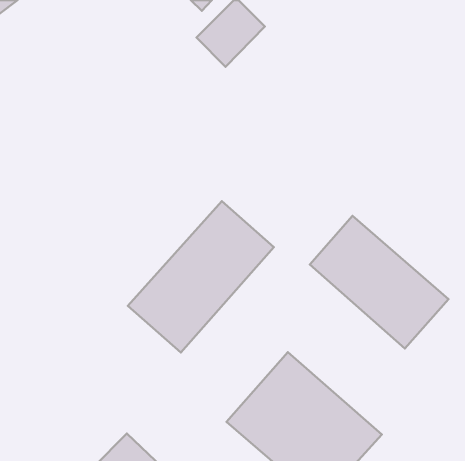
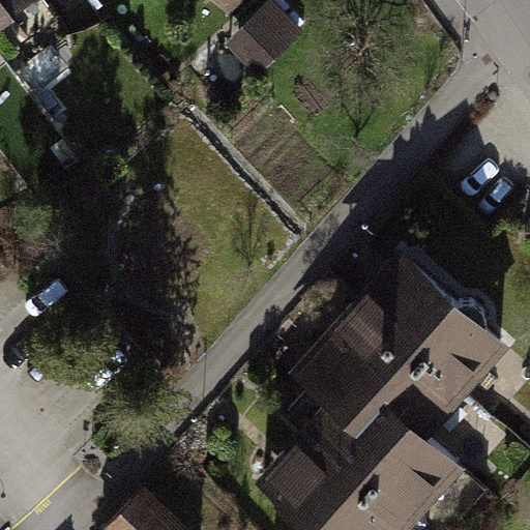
building: [128,201,274,352] -> none
building: none -> [291,306,461,499]

